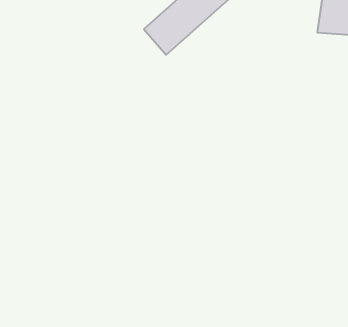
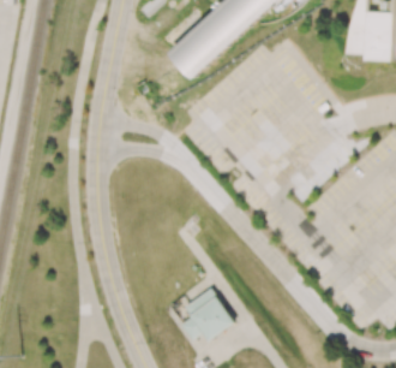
building: none -> [180,289,234,343]

